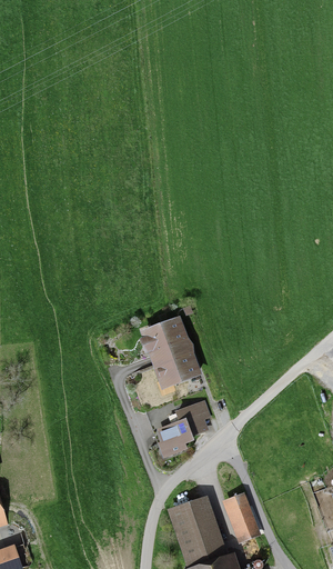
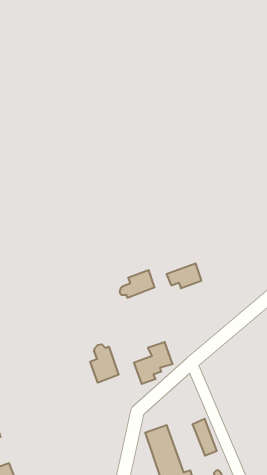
building: [157,352,198,381] -> [167,264,201,288]
building: none -> [90,344,119,383]

